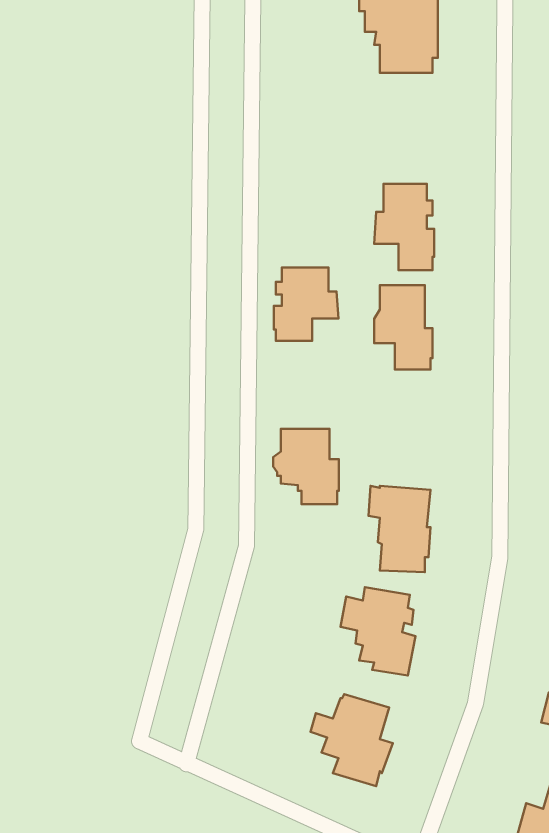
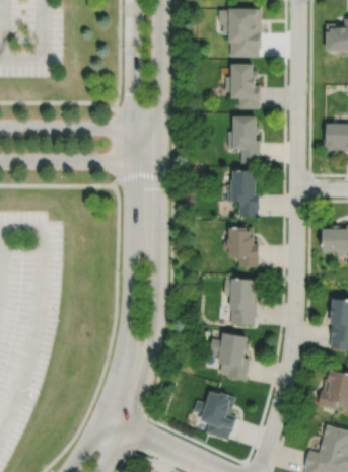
building: none -> [224,63,259,107]
building: [274,268,339,341] -> none
building: [273,429,339,504] -> [222,227,258,267]

